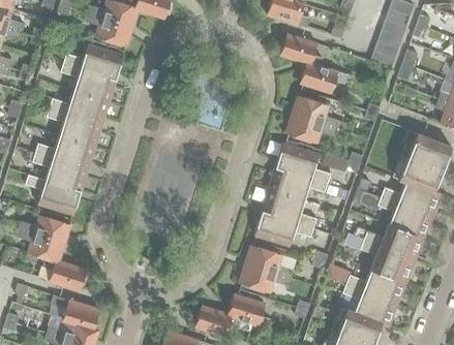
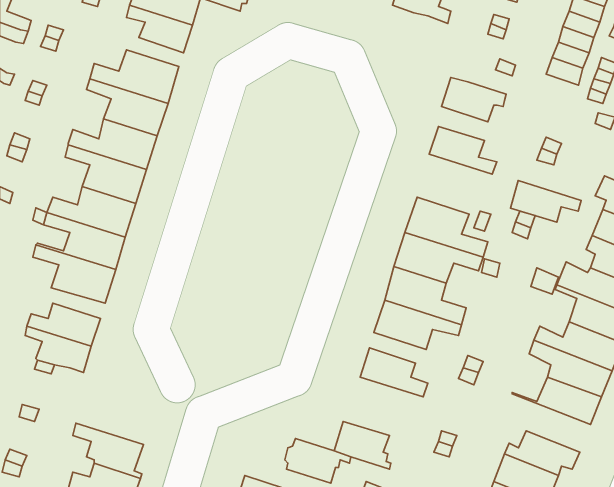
building: [279,33,320,65] -> none
building: [286,114,334,142] -> [511,181,581,222]
building: [48,257,86,289] -> none
building: [239,263,287,292] -> none
building: [341,275,400,314] -> none

